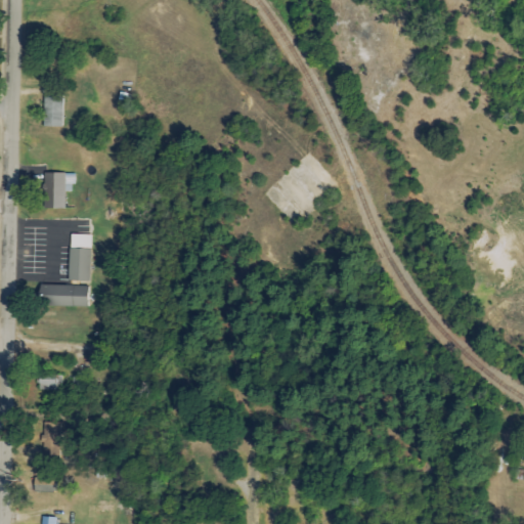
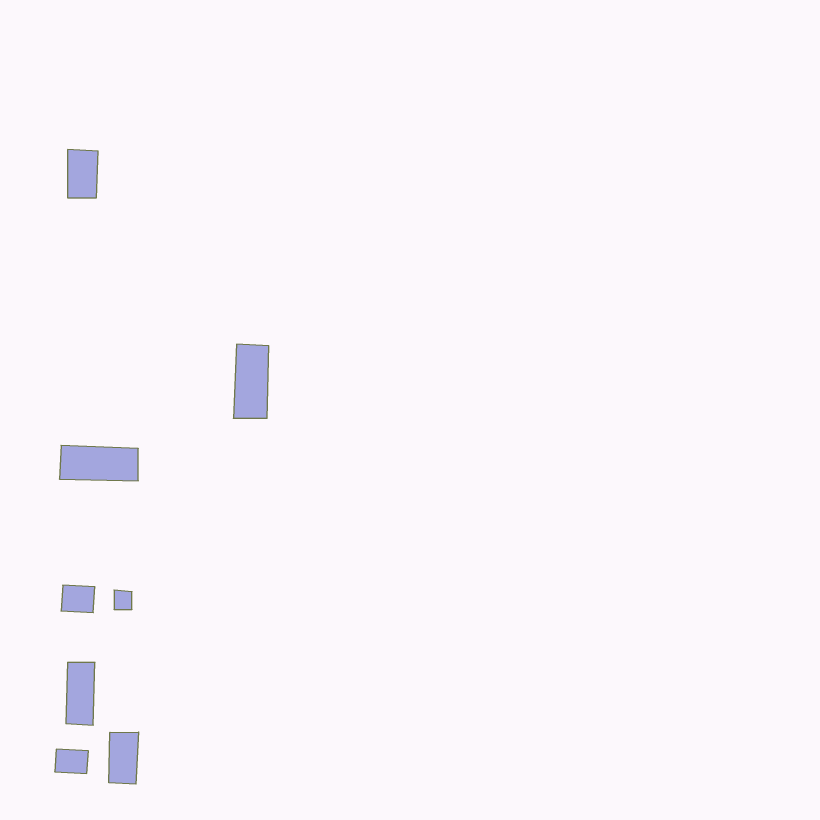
building: [44,172,73,208] -> none
building: [69,233,91,280] -> [233,344,269,418]
building: none -> [109,732,139,784]

